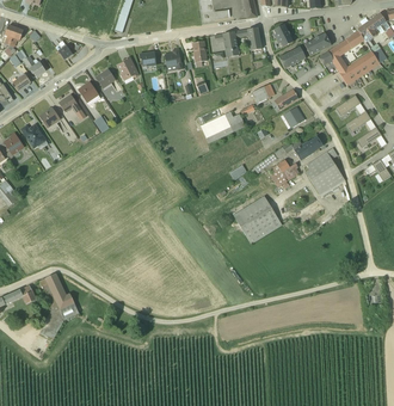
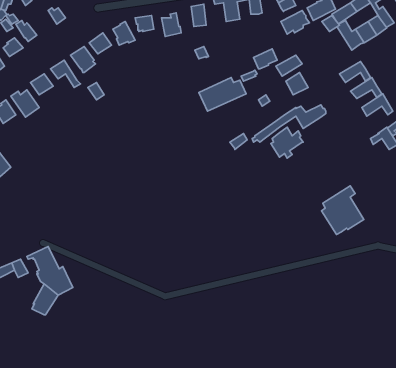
building: [304,147,345,193] -> [322,186,364,234]
building: [233,195,282,244] -> none

